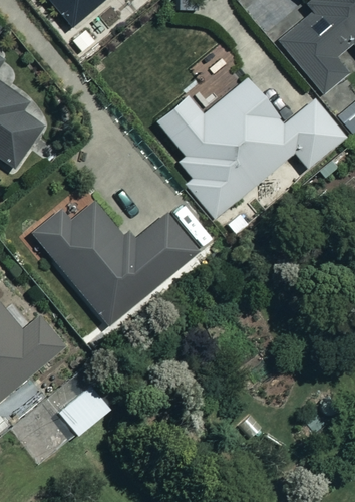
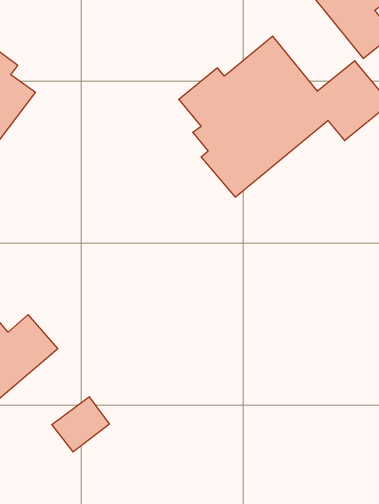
building: [33,200,201,325] -> none

